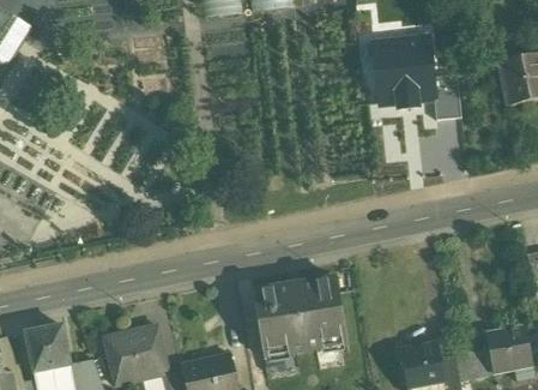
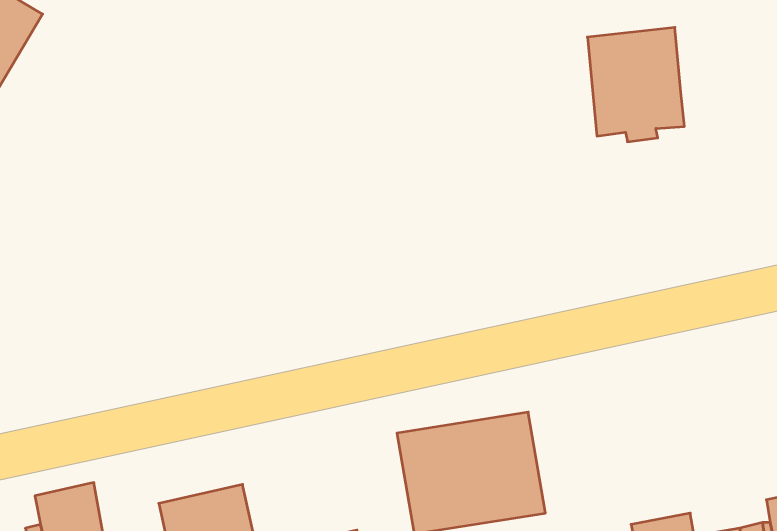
building: [431,74,460,119] -> none

